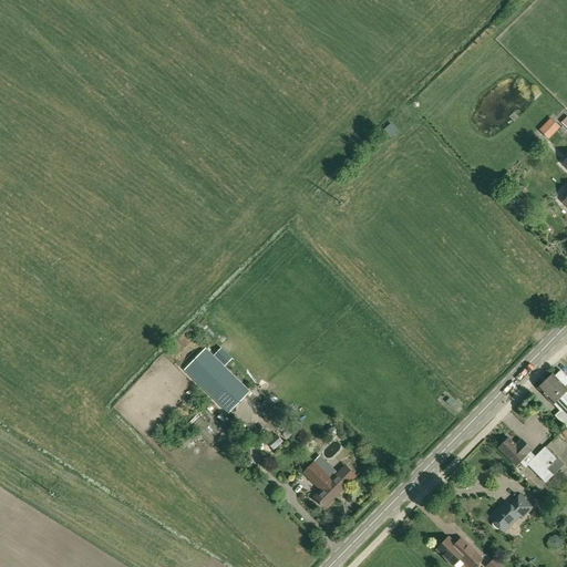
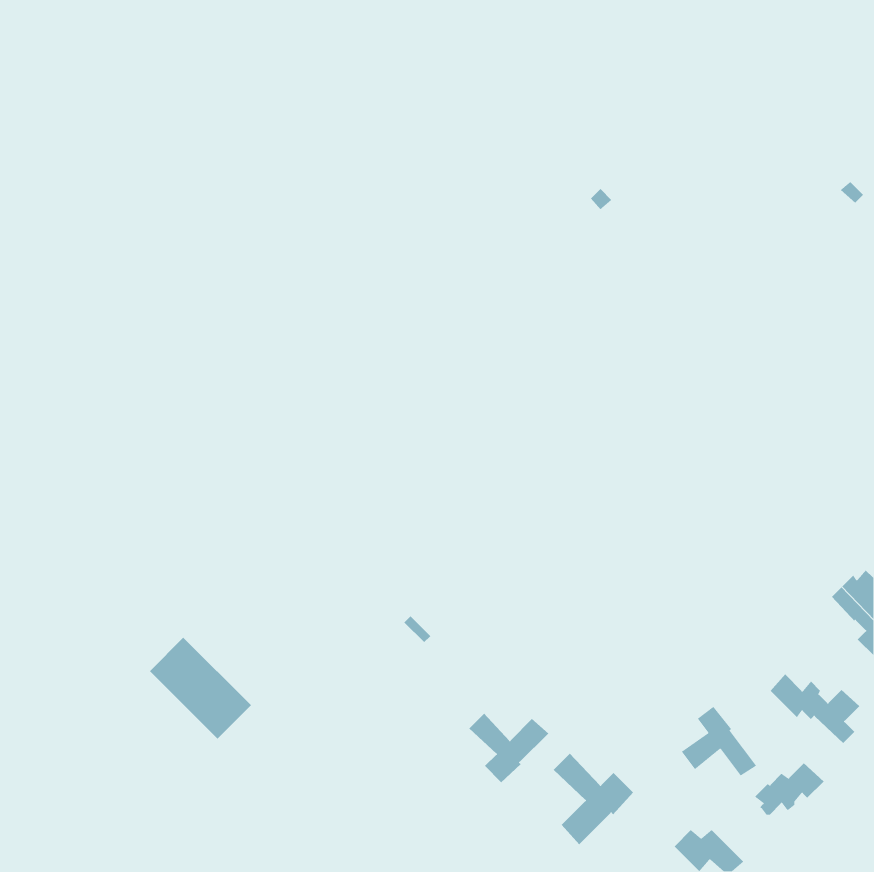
building: [184,347,250,413] -> [149,637,252,739]
building: none -> [681,706,757,777]
building: none -> [553,753,634,845]

